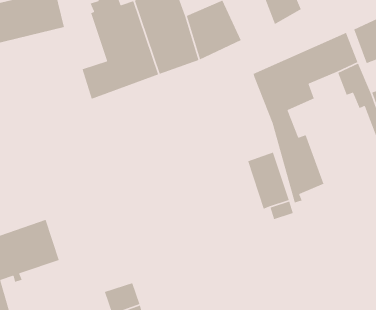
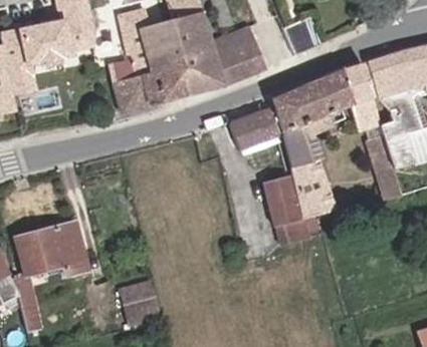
building: none -> [229,111,277,149]

